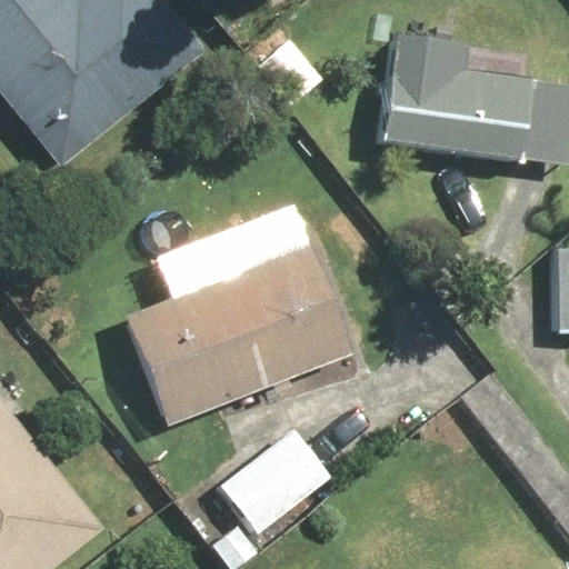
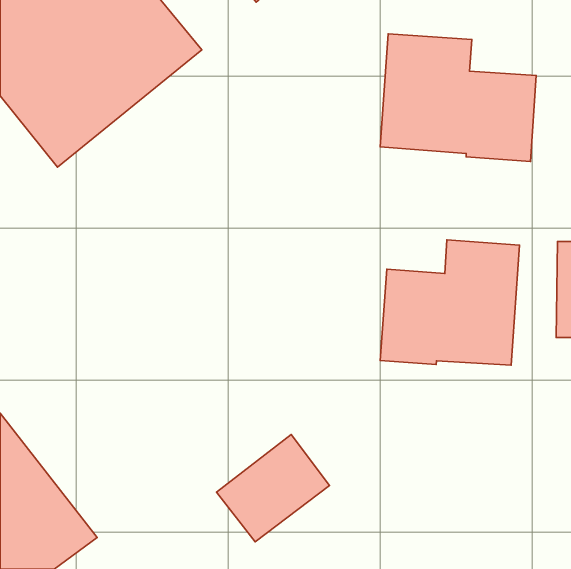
building: none -> [380,240,519,365]
building: [123,246,351,425] -> none

